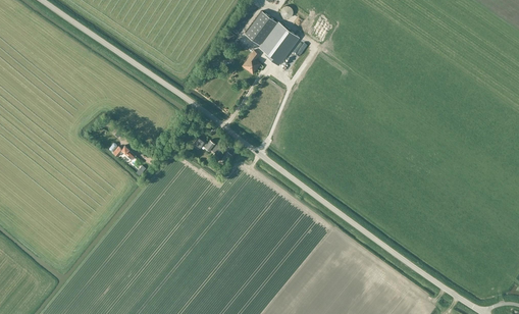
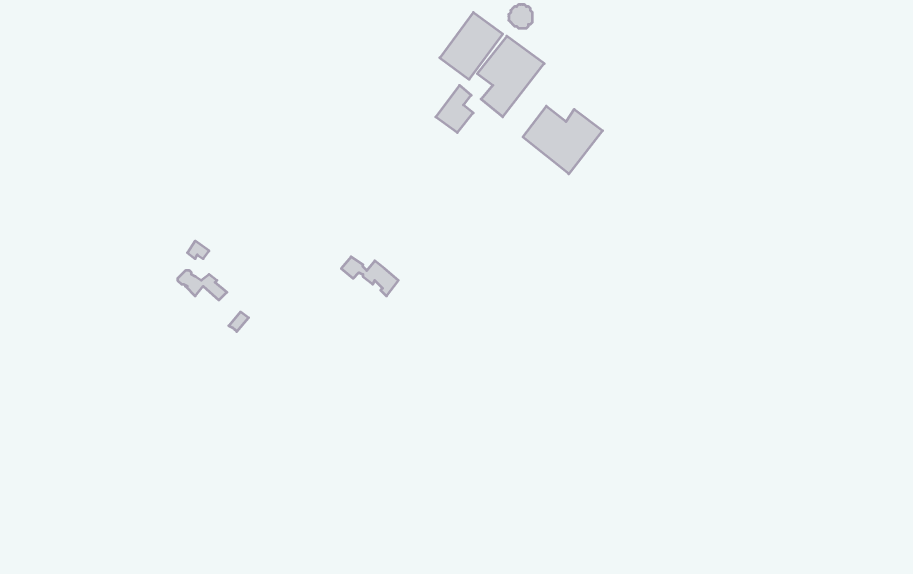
building: none -> [523,106,603,174]

